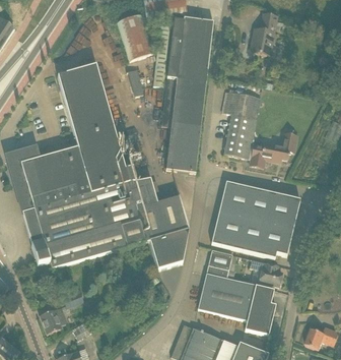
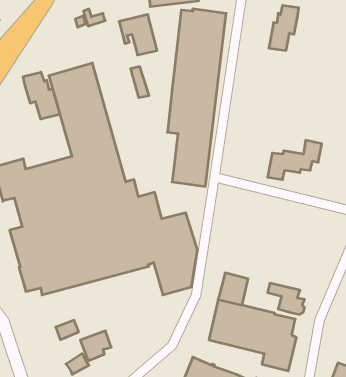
building: none -> [23,72,60,119]
building: [221,91,261,158] -> none
building: [211,181,300,257] -> none
building: [40,307,67,334] -> [80,331,111,361]

